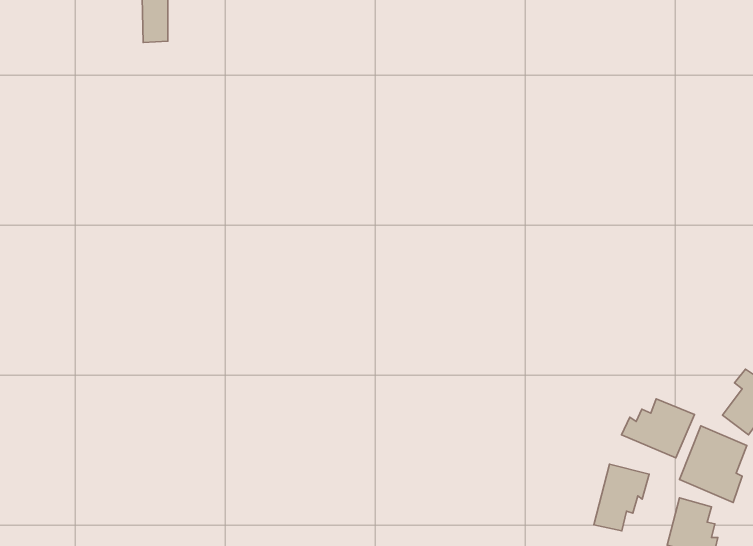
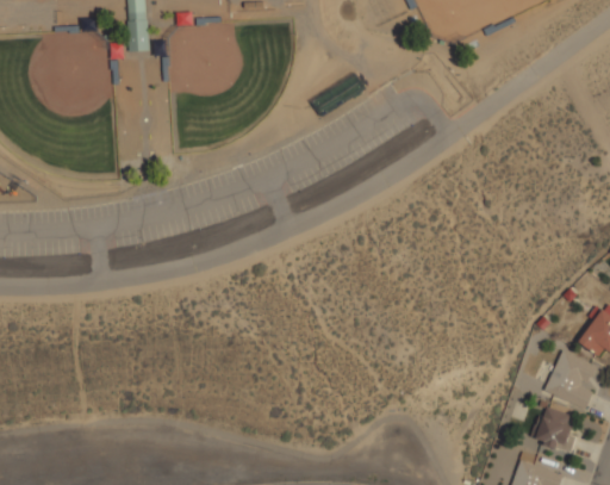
building: [622,399,694,458] -> none
building: [594,464,649,531] -> none

